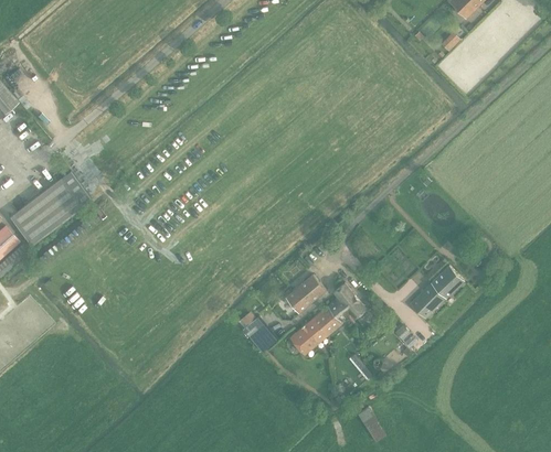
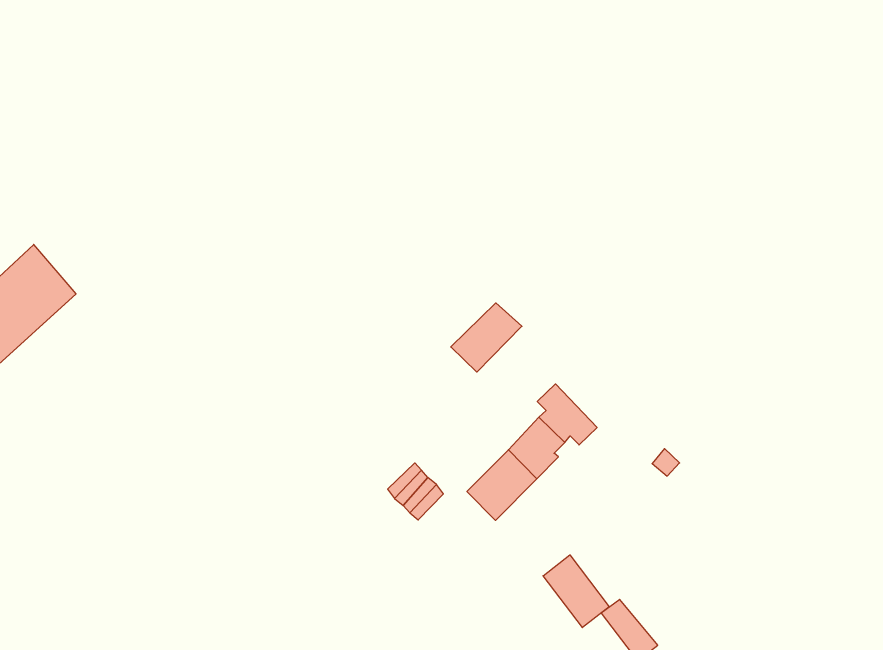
building: [409,266,462,319] -> none
building: [284,275,325,312] -> [451,303,522,372]
building: none -> [543,555,609,628]

